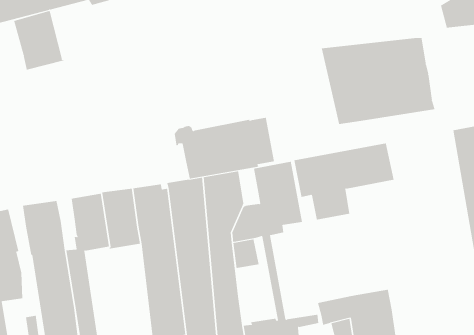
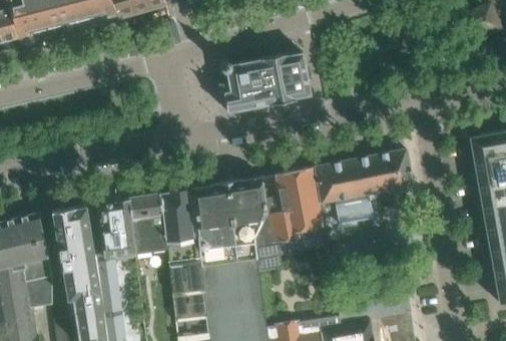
building: [13,10,64,71] -> none
building: [321,37,435,125] -> none
building: [174,117,275,179] -> [212,52,311,112]

